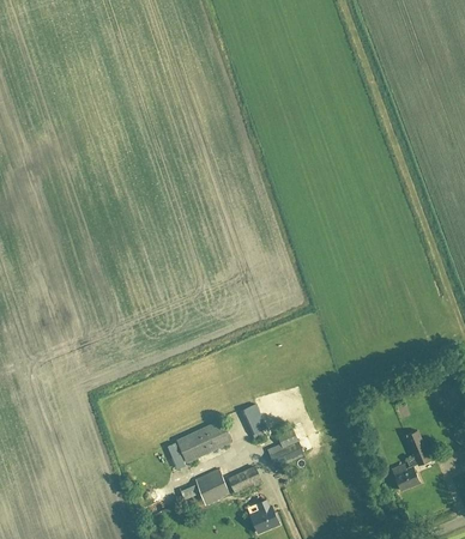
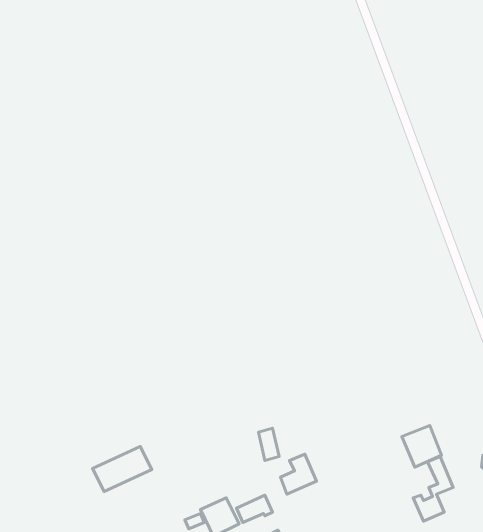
building: none -> [402,425,442,467]
building: [175,420,230,462] -> [93,446,152,492]

